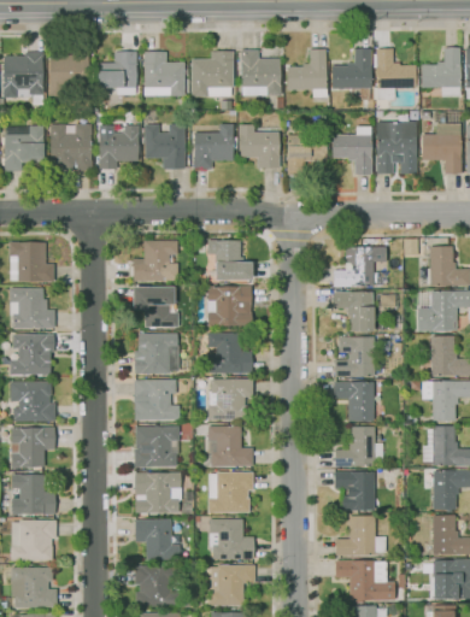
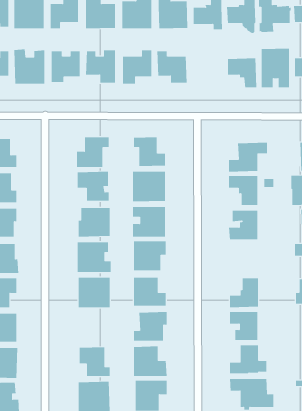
building: [287,134,330,175] -> none
building: [334,381,374,421] -> none
building: [135,471,180,512] -> none

